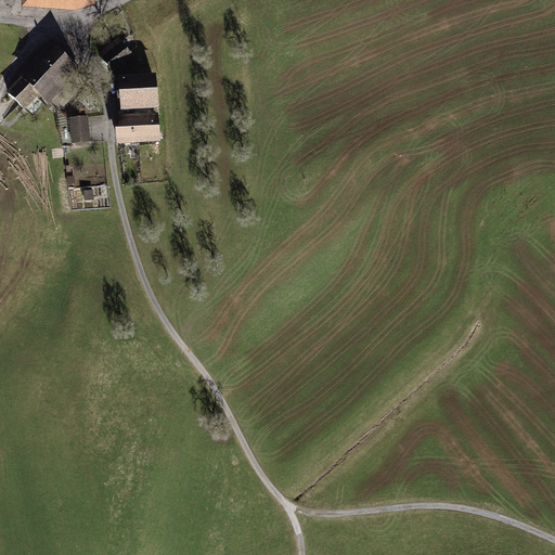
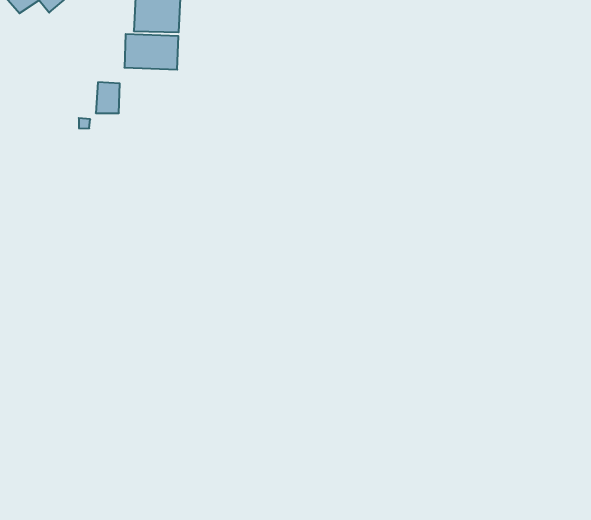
building: [69,115,90,142] -> [96,82,120,113]

